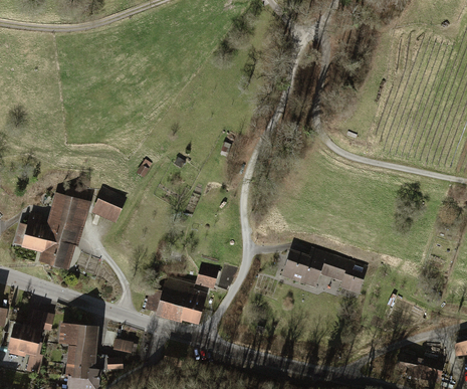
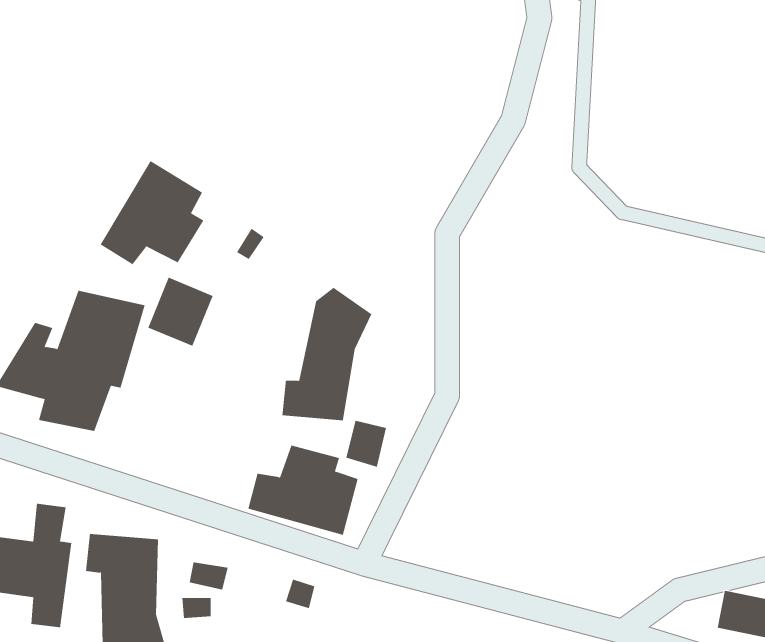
building: none -> [100,160,204,265]
building: none -> [282,287,372,421]
building: [280,249,368,291] -> none

